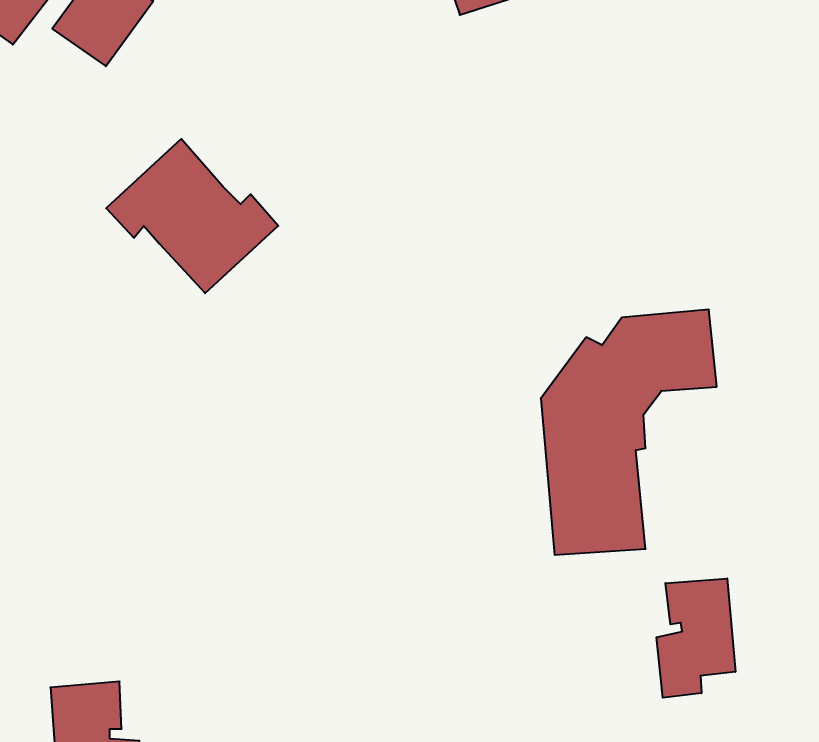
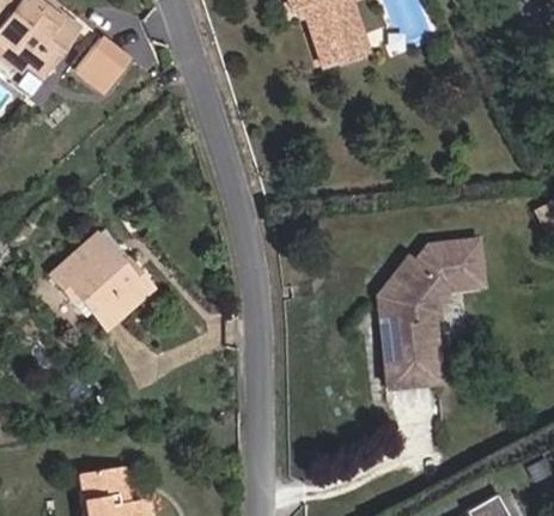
building: [106,139,278,293] -> [54,227,158,321]
building: [656,578,735,698] -> none

